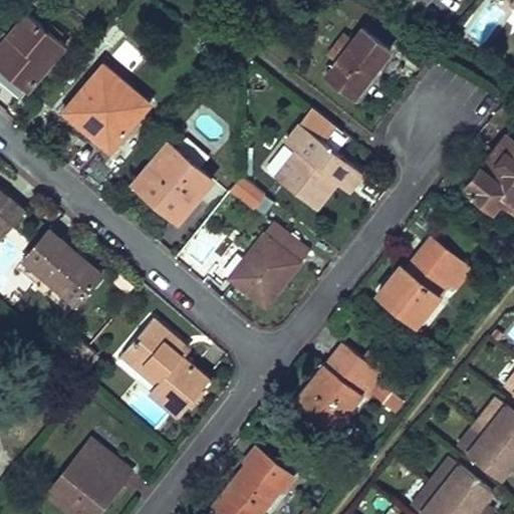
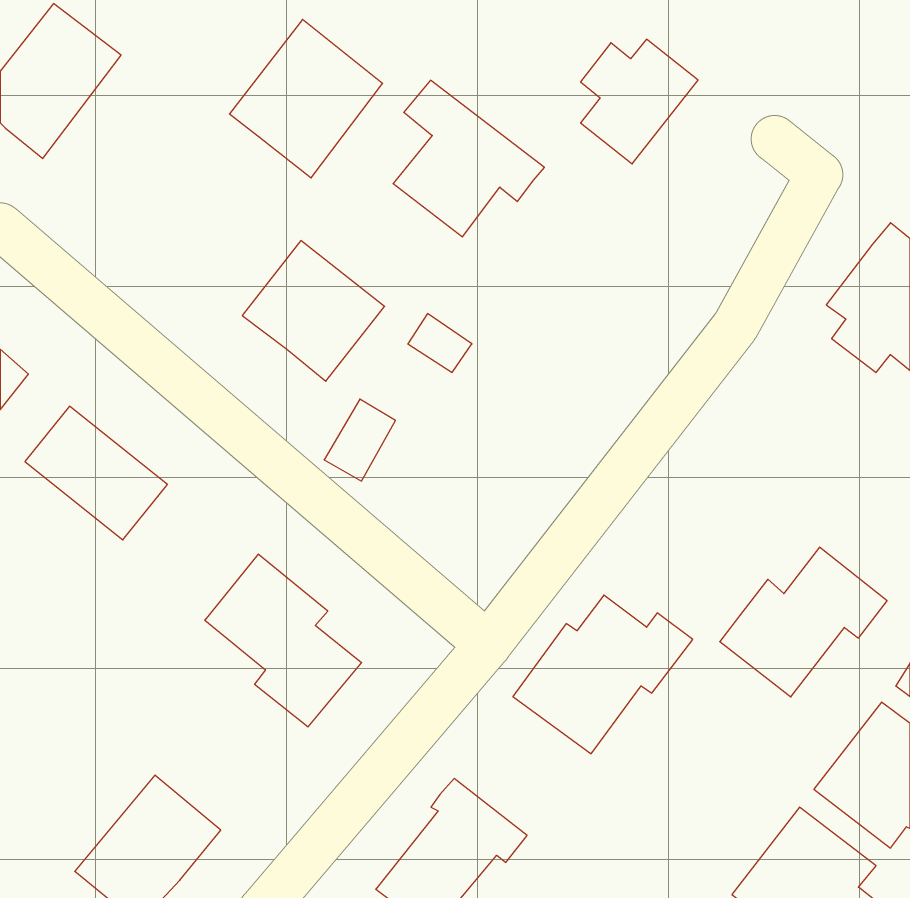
building: [66,64,153,154] -> [229,19,383,178]
building: [279,122,364,211] -> [393,80,544,237]
building: [239,220,311,304] -> none
building: [373,239,468,323] -> [720,547,887,697]

